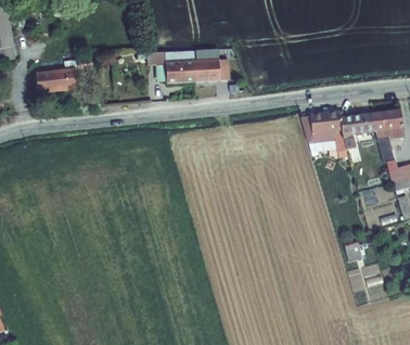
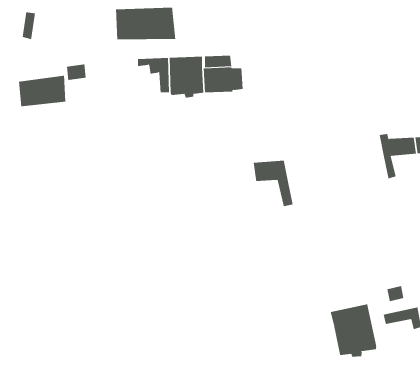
building: none -> [115,7,176,40]
building: [315,117,349,157] -> [253,160,293,207]
building: none -> [330,303,377,358]

